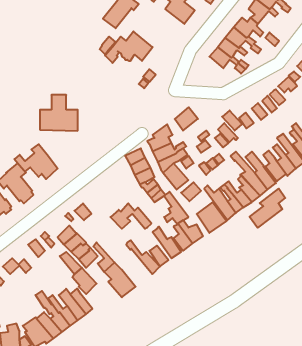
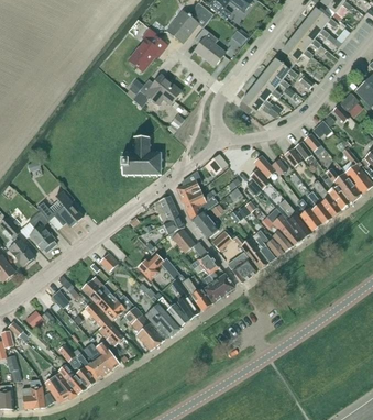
building: [40,95,78,131] -> [121,137,161,175]
building: [250,189,285,228] -> none
building: none -> [140,283,182,338]

